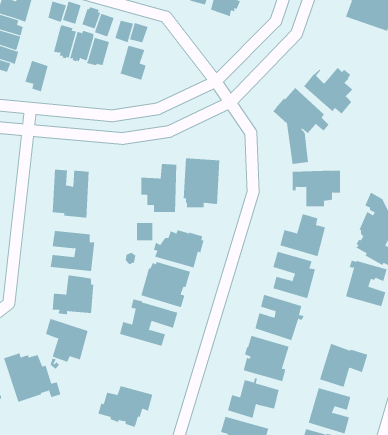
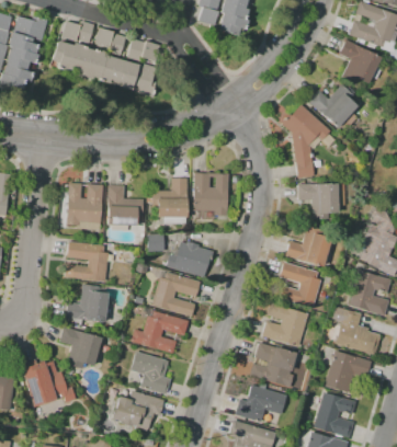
building: none -> [339,41,385,83]
building: none -> [116,60,139,90]
building: [25,60,49,92] -> [52,41,75,71]
building: none -> [107,185,144,226]
building: none -> [332,307,381,355]
building: none -> [131,352,171,394]

